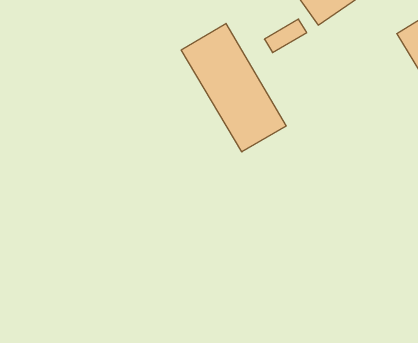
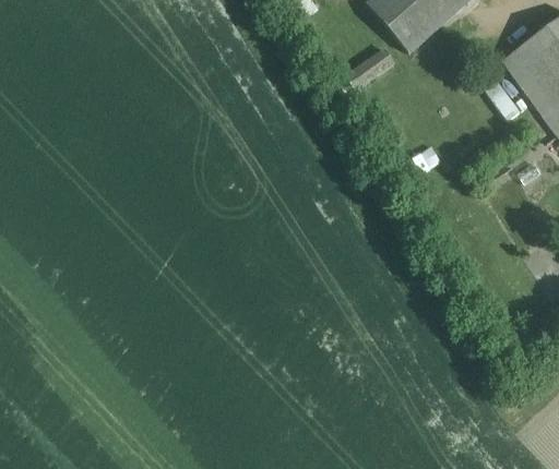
building: [181,23,286,152] -> none

